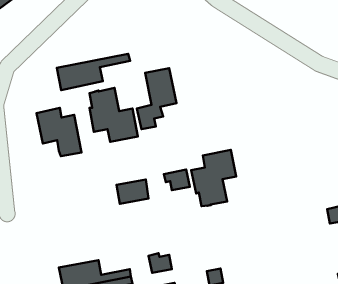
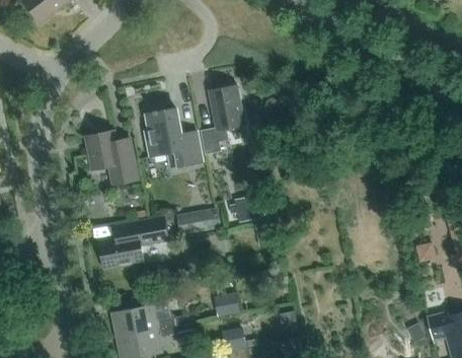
building: [57,54,130,90] -> none
building: [191,150,236,206] -> none
building: none -> [99,216,169,269]

